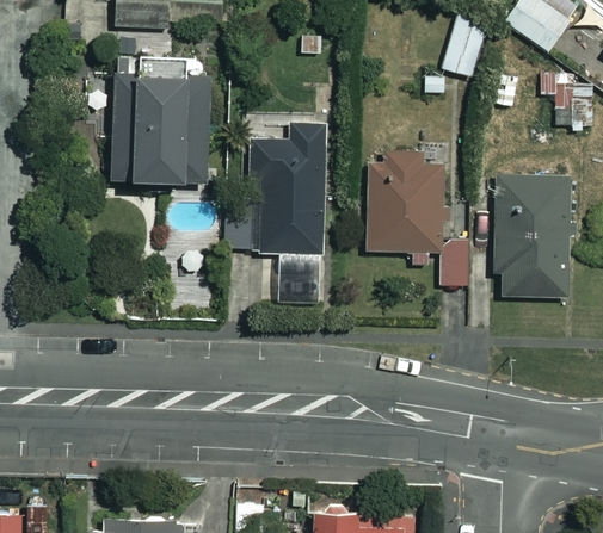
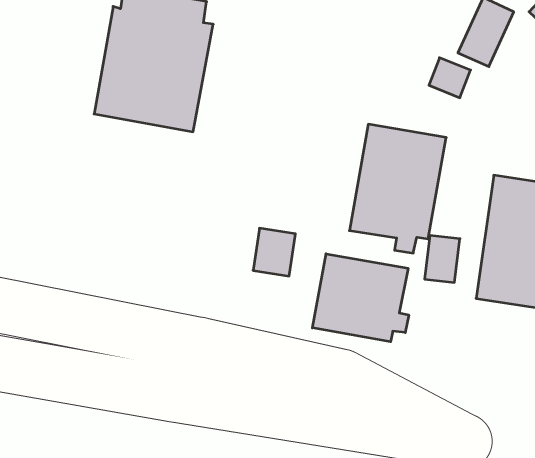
building: [248,120,327,253] -> none
building: none -> [312,254,409,342]

